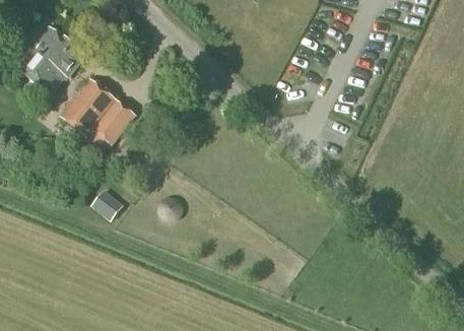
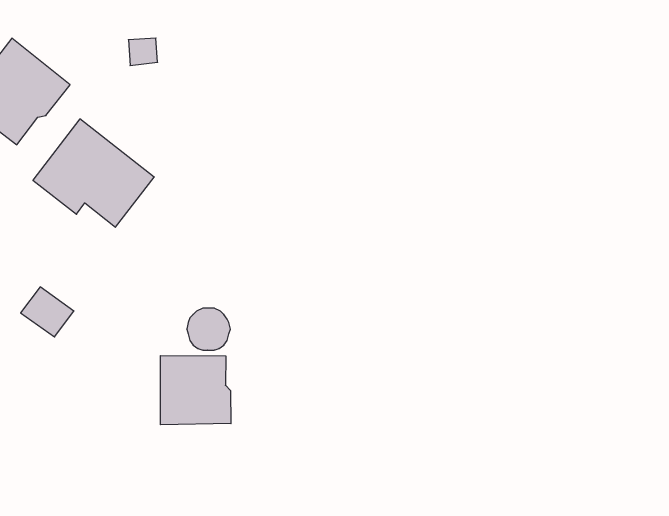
building: [90,189,124,220] -> [21,287,74,337]
building: none -> [160,356,231,425]

